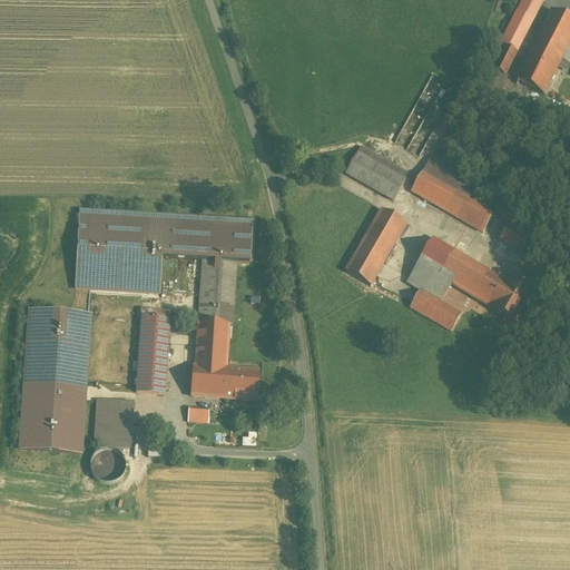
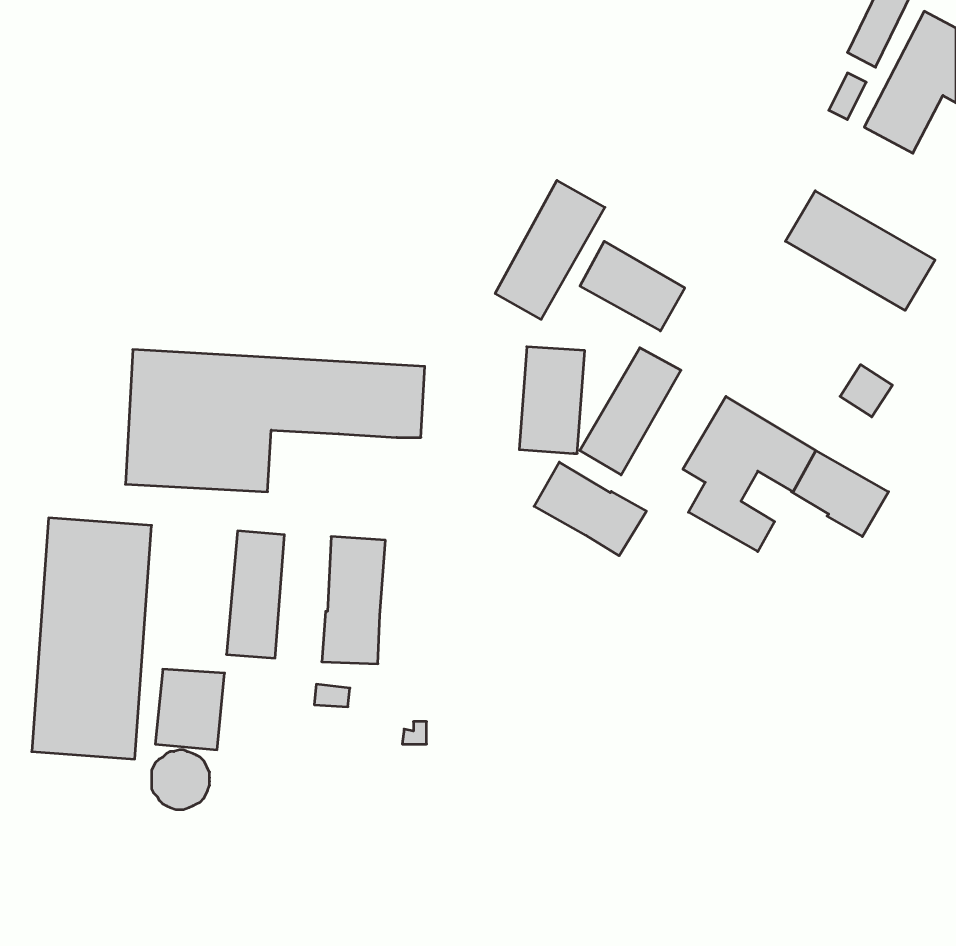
building: none -> [495,180,605,319]
building: [411,157,500,228] -> [785,191,935,310]
building: [197,258,236,322] -> [519,347,585,453]
building: none -> [534,462,646,556]
building: [225,366,258,397] -> none

